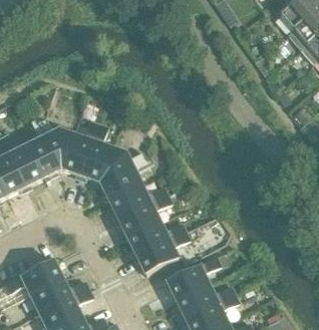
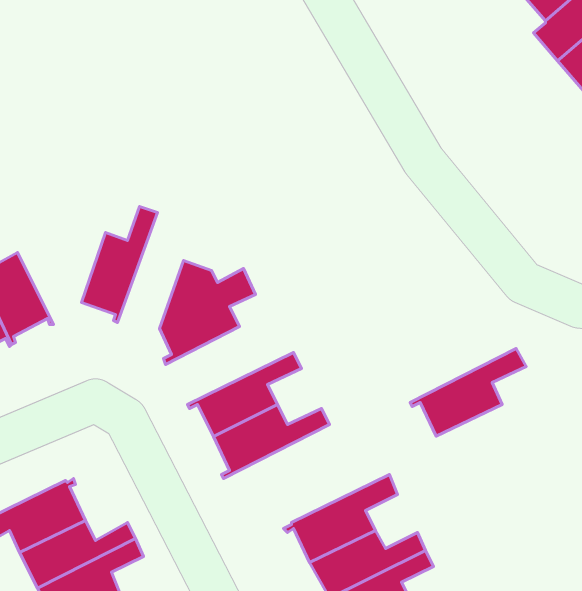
building: [28,119,72,181] -> none
building: [78,124,111,183] -> none
building: [102,182,167,221] -> none
building: [131,231,190,275] -> [410,348,526,436]

